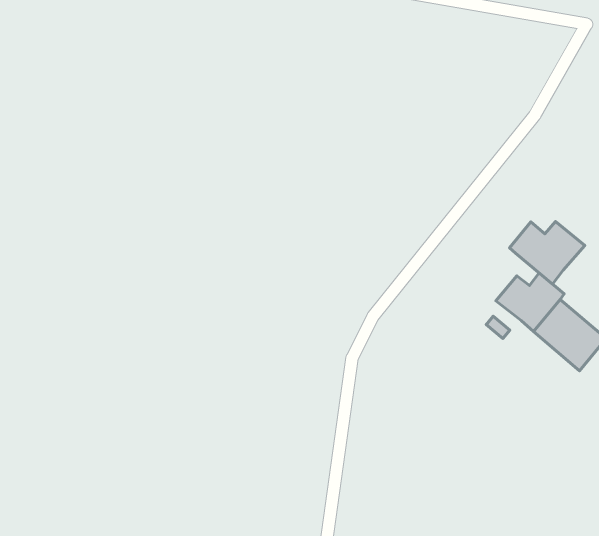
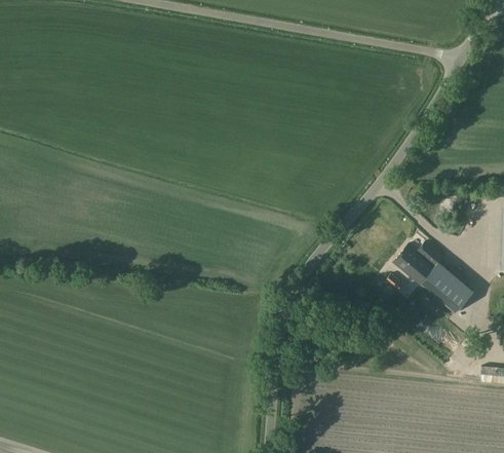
building: [509,222,585,284] -> none

